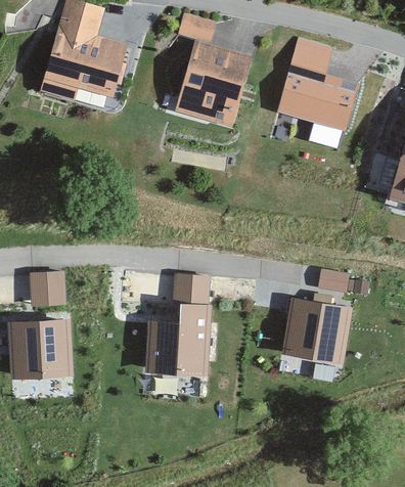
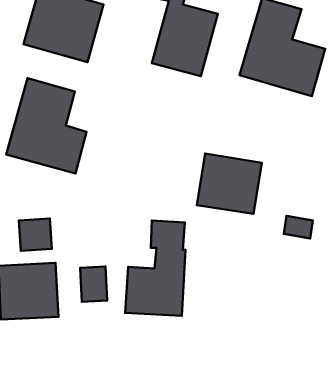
building: none -> [6,78,87,174]
building: [280,300,351,365] -> [197,153,262,214]
building: none -> [80,266,107,302]

